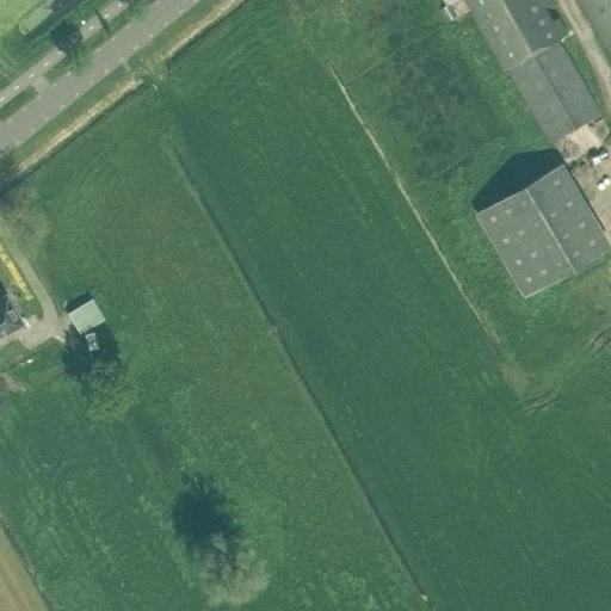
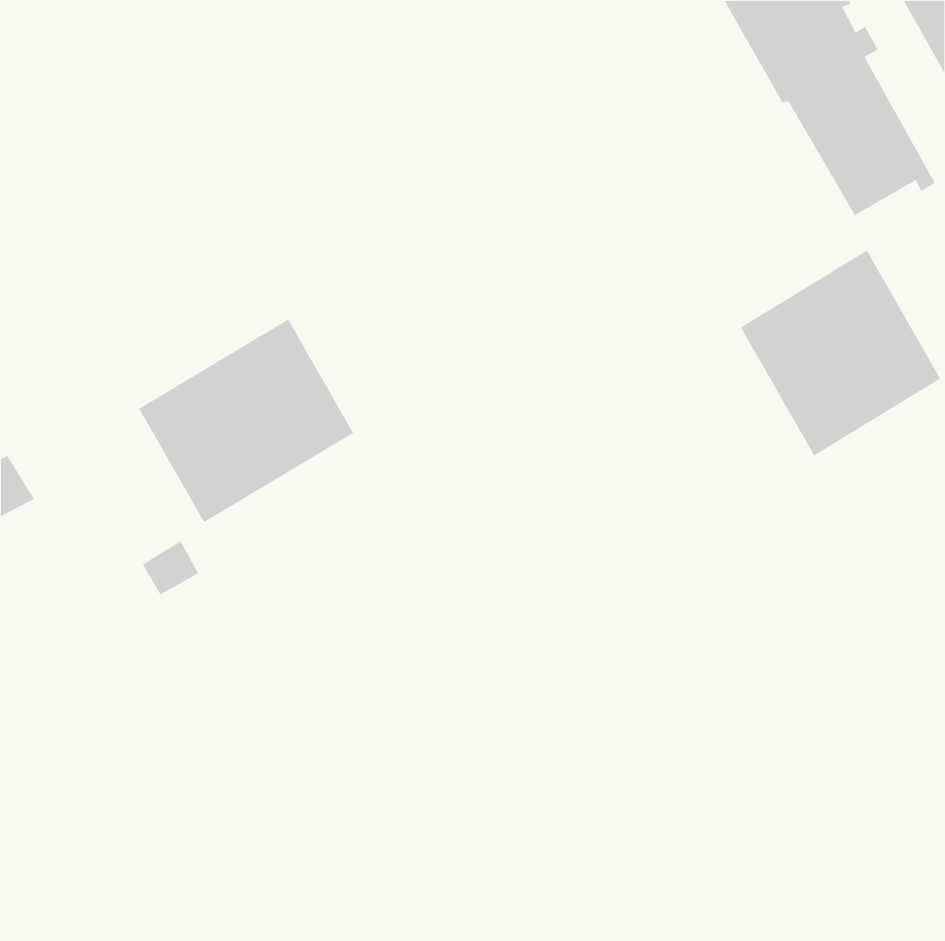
building: none -> [138,318,354,523]
building: [67,298,104,334] -> [142,540,199,596]

